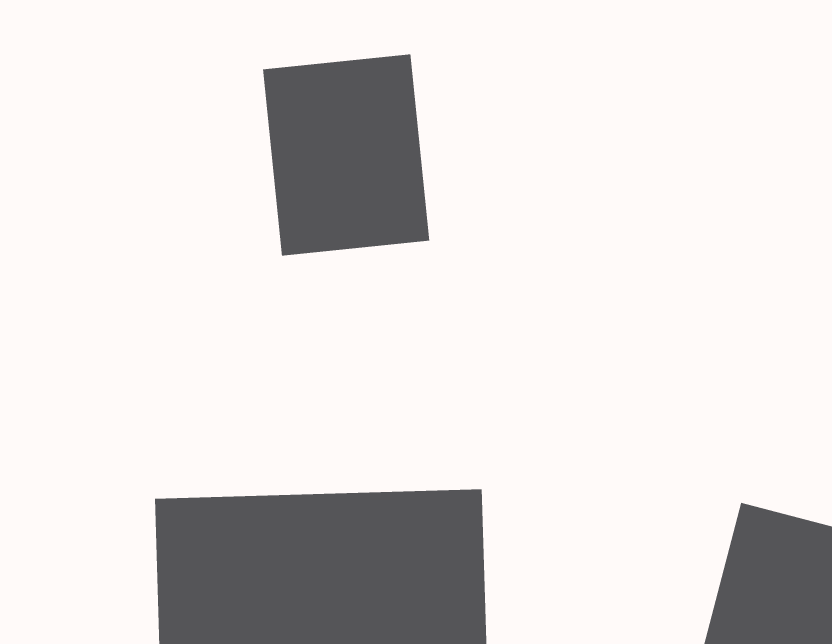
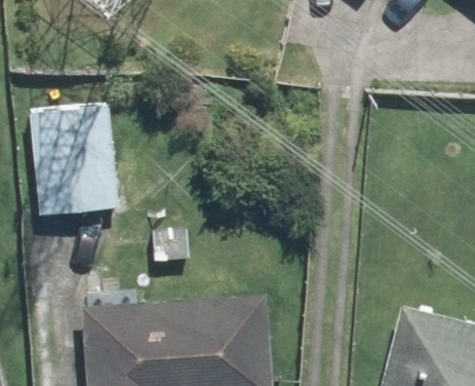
building: [262,54,430,256] -> [30,103,120,211]

